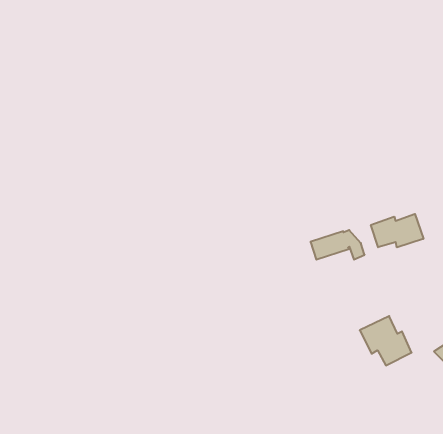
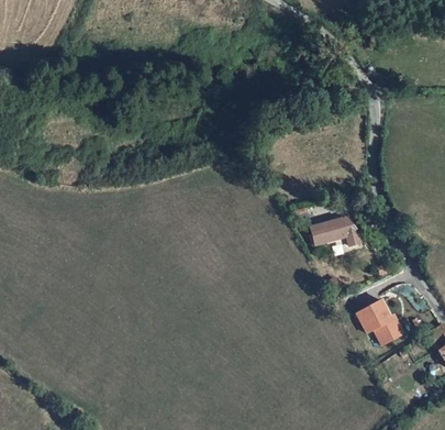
building: [371,214,423,247] -> none

